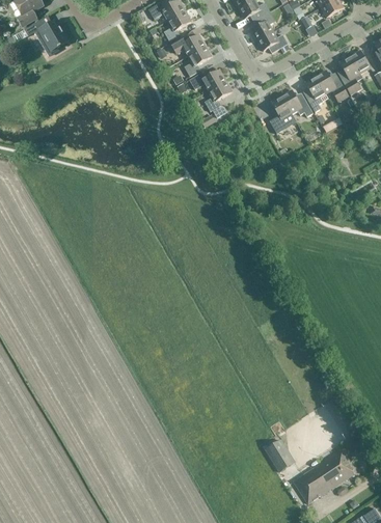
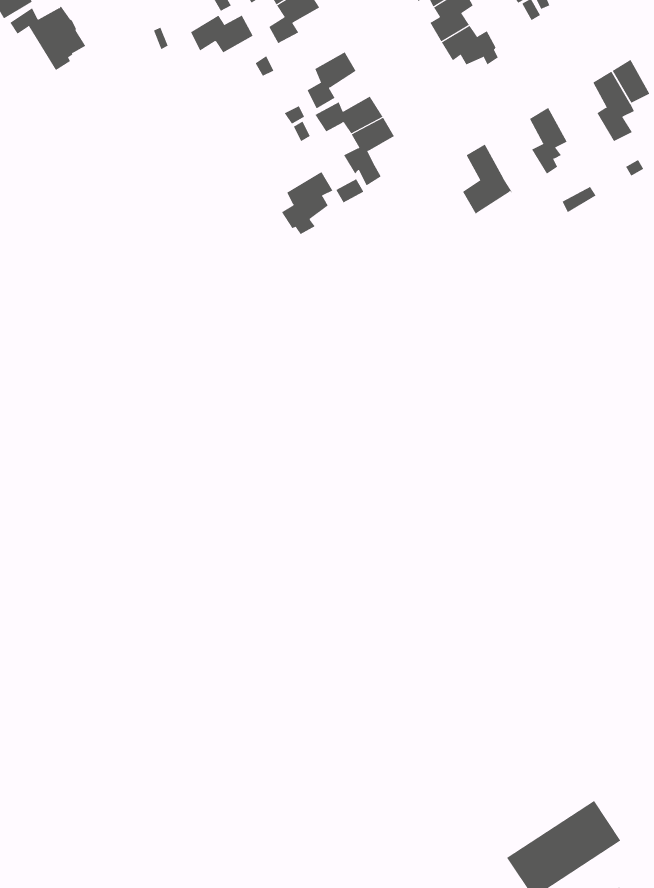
building: [171,34,206,55] -> [190,15,254,53]
building: [316,70,349,102] -> none
building: [281,90,312,117] -> none
building: none -> [281,171,333,235]
building: [265,440,295,472] -> none

